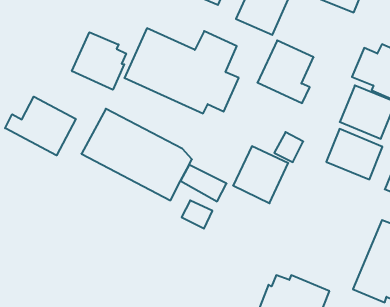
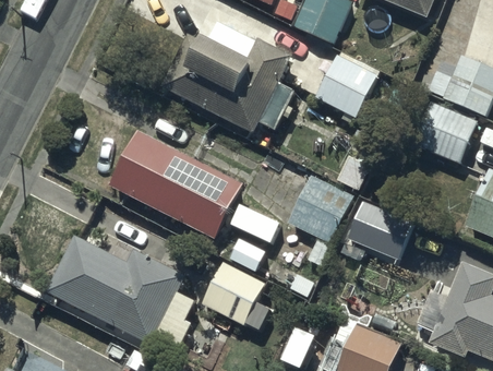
building: [72,32,126,90] -> none
building: [5,97,76,155] -> none
building: [326,129,382,179] -> [347,199,412,258]
building: none -> [44,231,193,344]
building: none -> [201,260,264,323]

